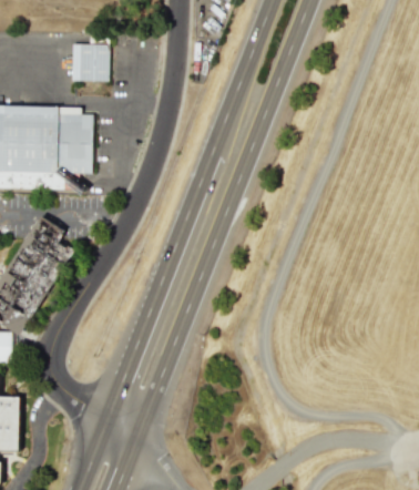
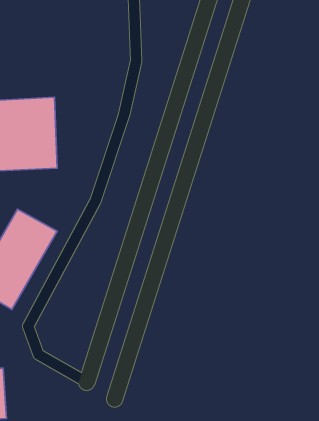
building: [71,43,109,80] -> none

